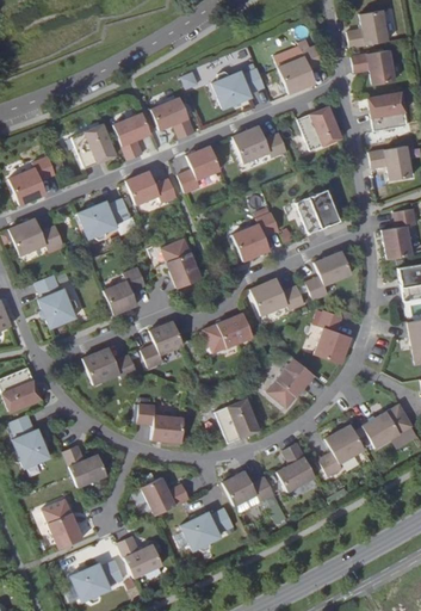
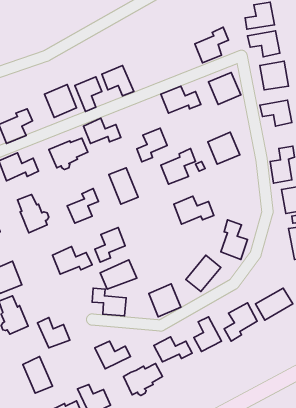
building: [211,67,265,107] -> none
building: [178,146,219,192] -> [137,128,167,162]
building: [305,251,351,300] -> none
building: [203,311,253,352] -> [100,260,137,289]

